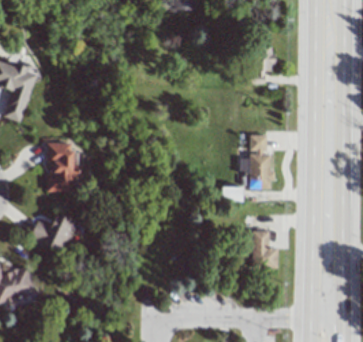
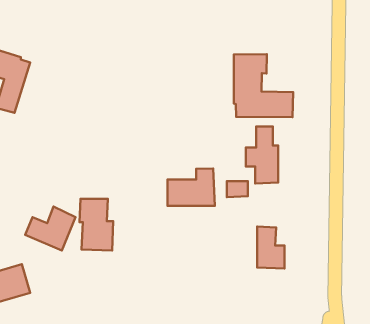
building: none -> [234,54,293,117]
building: [45,143,77,192] -> [80,199,113,250]
building: none -> [168,168,215,206]

